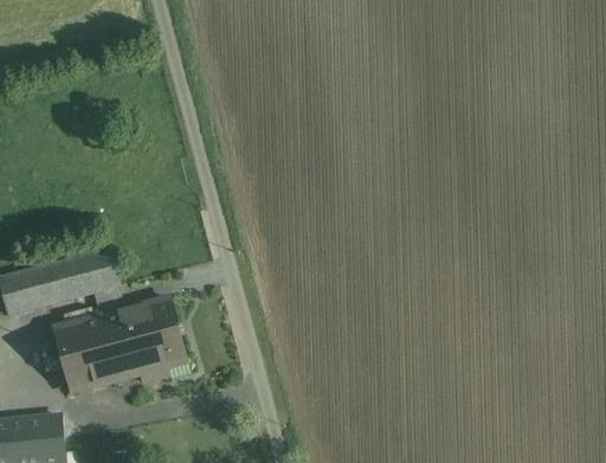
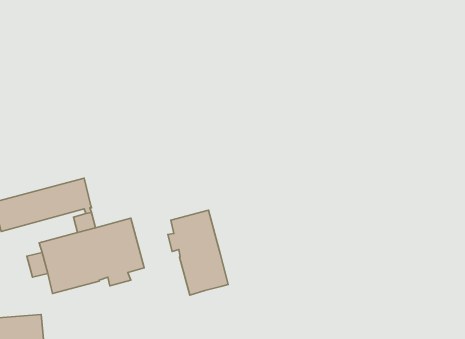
building: none -> [168,210,228,295]

